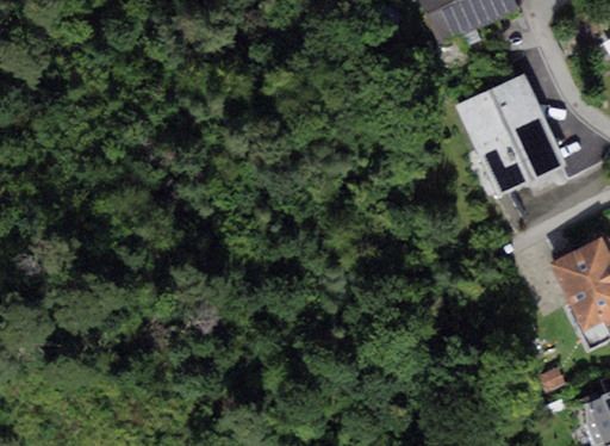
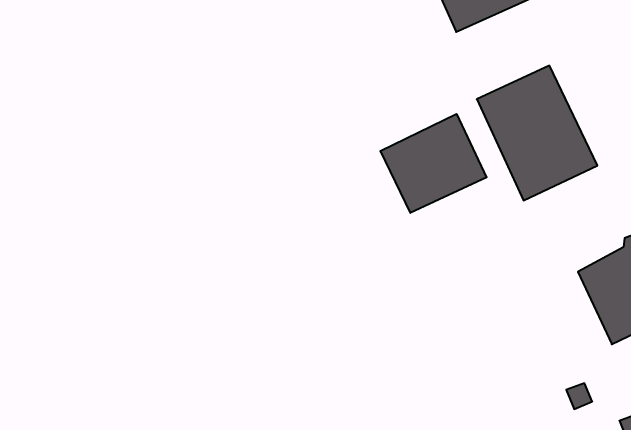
building: none -> [380,114,487,213]

